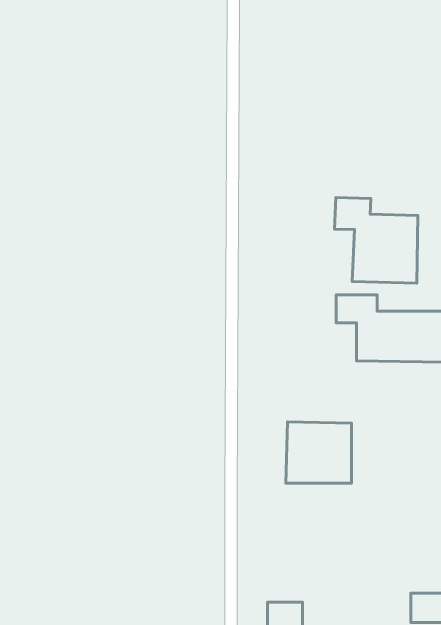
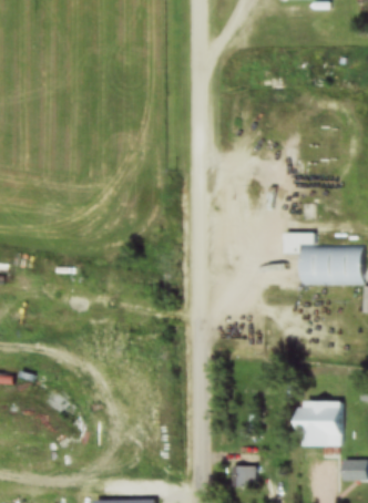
building: [334,197,418,283] -> none
building: [286,422,352,483] -> [293,401,343,448]

